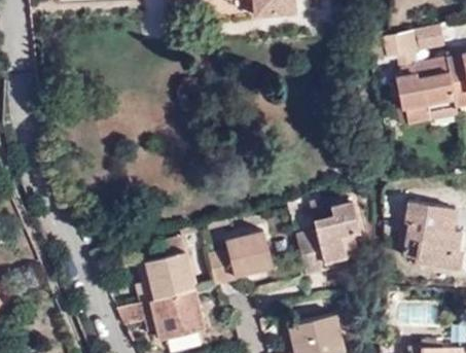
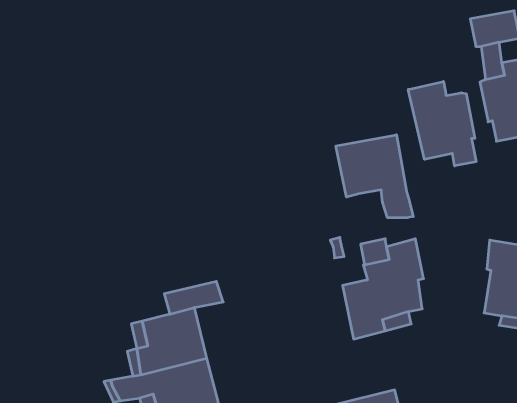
building: none -> [408,81,476,166]
building: none -> [336,135,413,218]
building: [209,230,274,284] -> none

